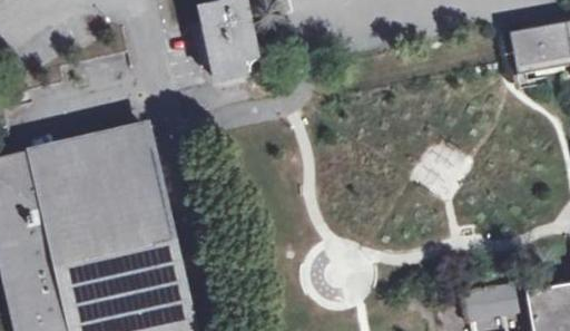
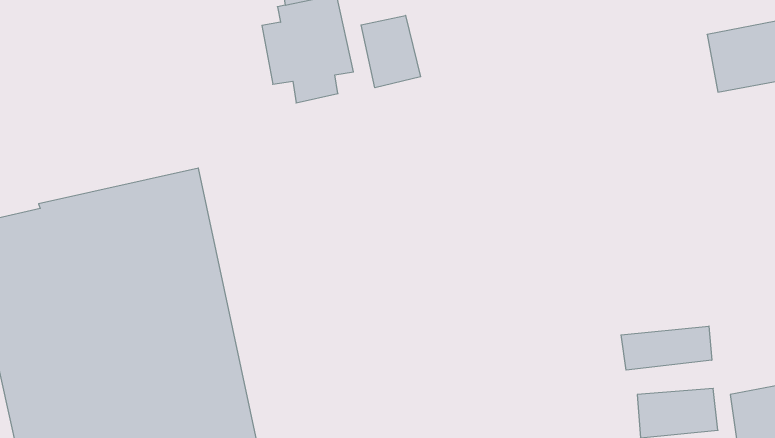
building: none -> [361,15,421,88]
building: none -> [621,326,712,370]

